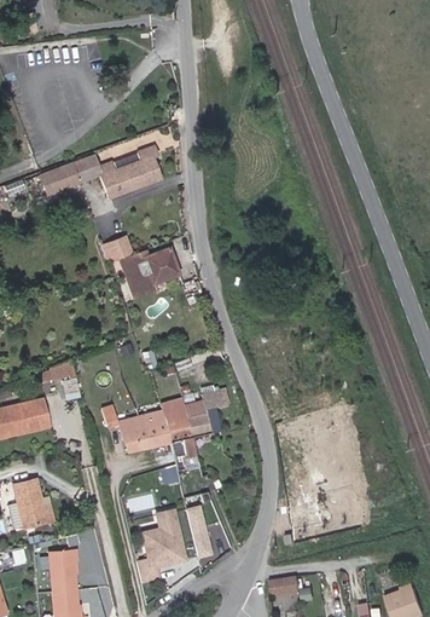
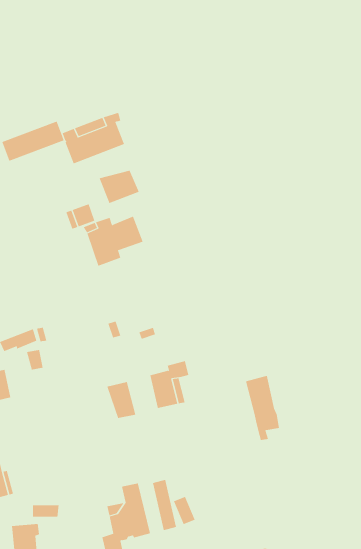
building: none -> [99,170,139,204]
building: [163,404,197,468] -> [245,375,280,441]
building: [101,405,153,451] -> none

